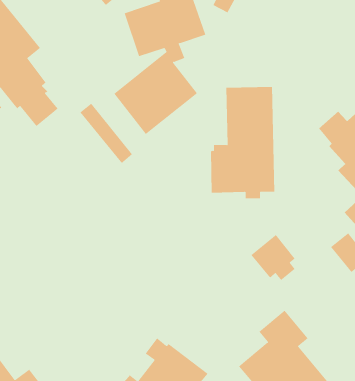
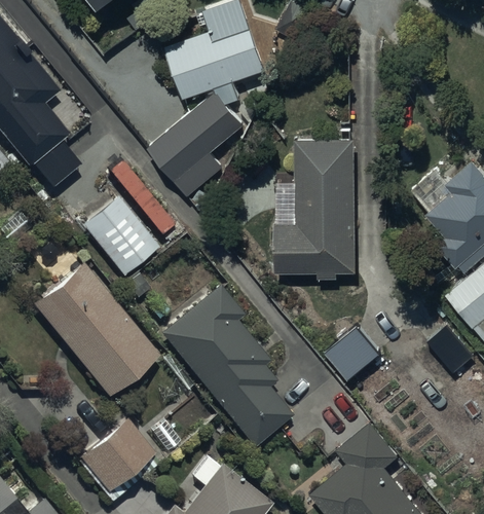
building: none -> [79,194,160,279]
building: none -> [31,261,157,396]
building: none -> [160,285,293,448]
building: none -> [73,416,161,504]

